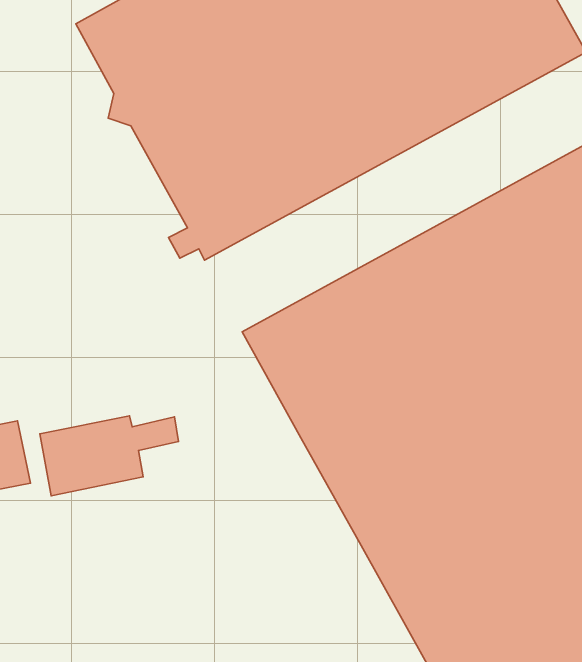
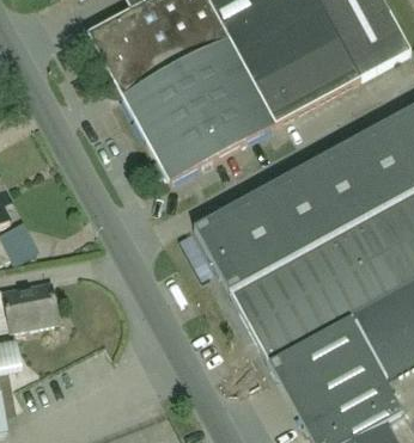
building: [40,416,178,496] -> none

